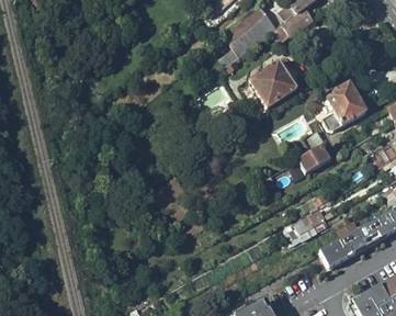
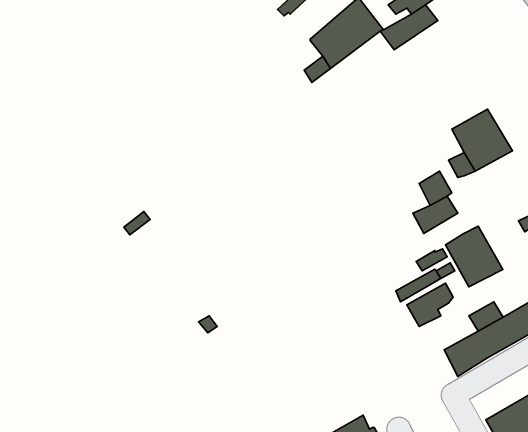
building: [247,61,297,111] -> none
building: none -> [445,226,503,287]

